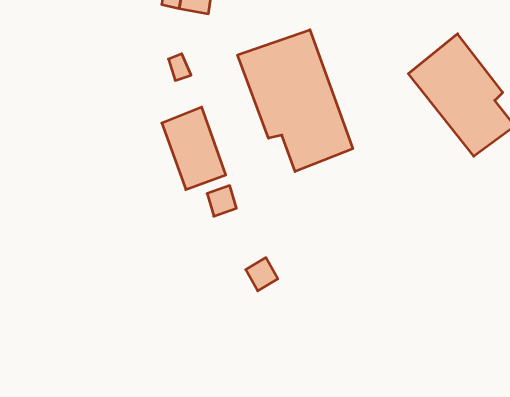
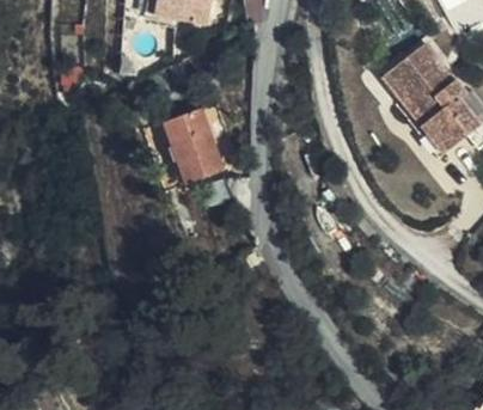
building: [238,30,353,172] -> none

